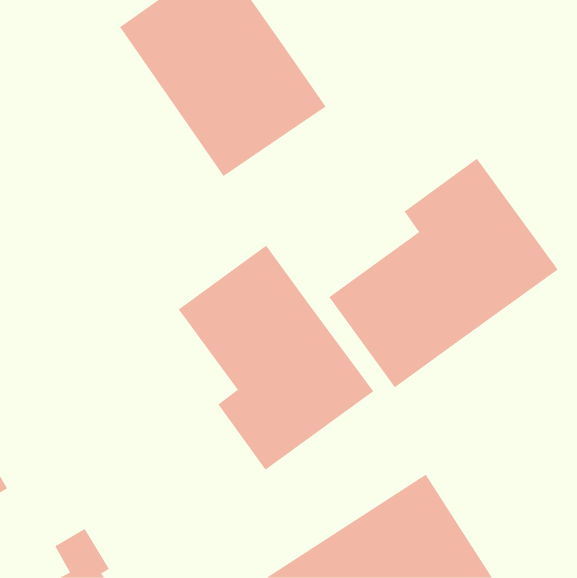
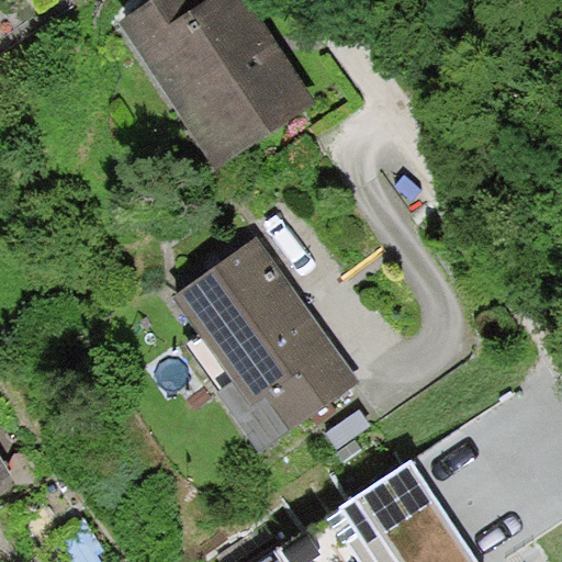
building: [328,158,559,388] -> none

